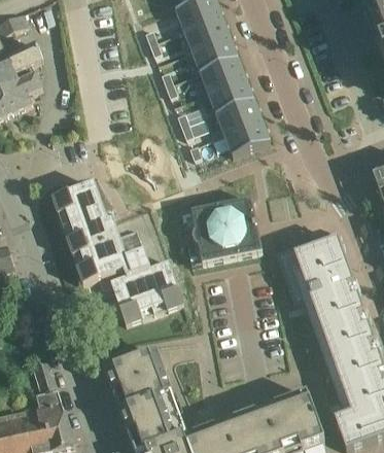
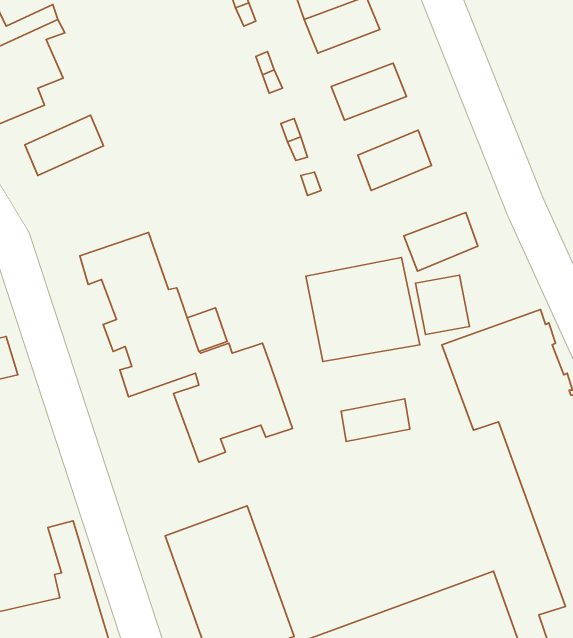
building: [199,59,245,94] -> none
building: [215,100,260,136] -> [404,212,478,271]
building: none -> [25,115,103,176]
building: none -> [416,275,470,335]
building: none -> [341,399,410,442]

